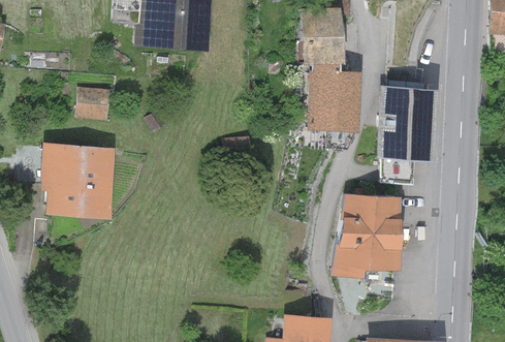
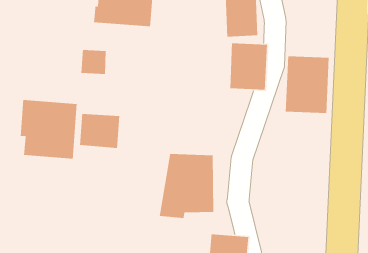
building: [75,87,108,120] -> [81,49,107,75]
building: none -> [79,113,120,149]
building: [332,194,402,278] -> [159,153,214,219]

